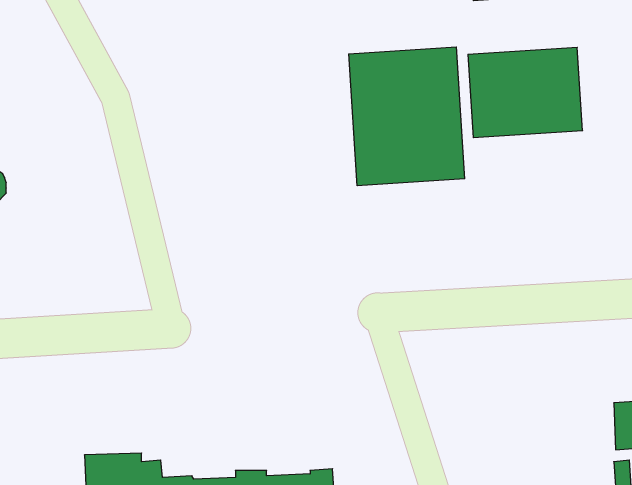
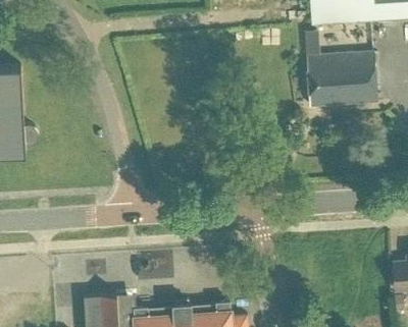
building: [349,47,465,186] -> none

